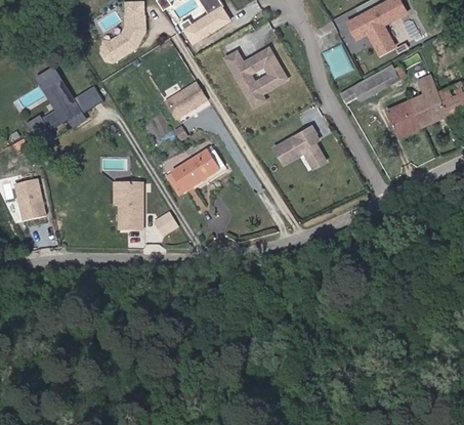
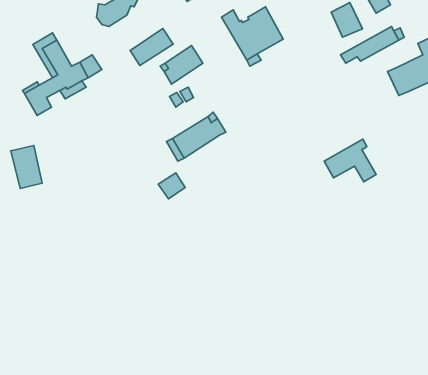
building: none -> [130,29,173,65]
building: [272,124,324,166] -> [324,139,376,182]
building: [126,187,147,231] -> none

